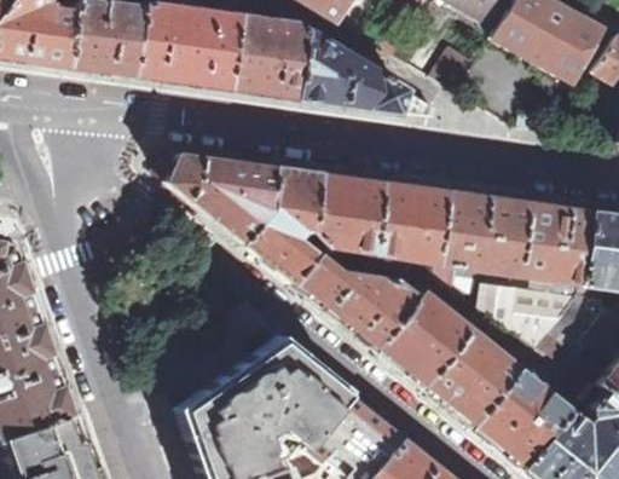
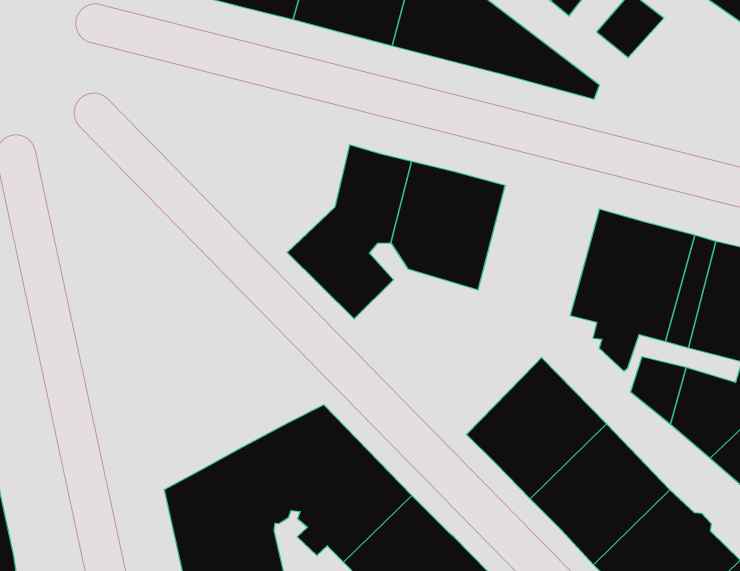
building: [167,154,277,243] -> none
building: [374,181,447,262] -> none
building: [294,253,417,350] -> none

